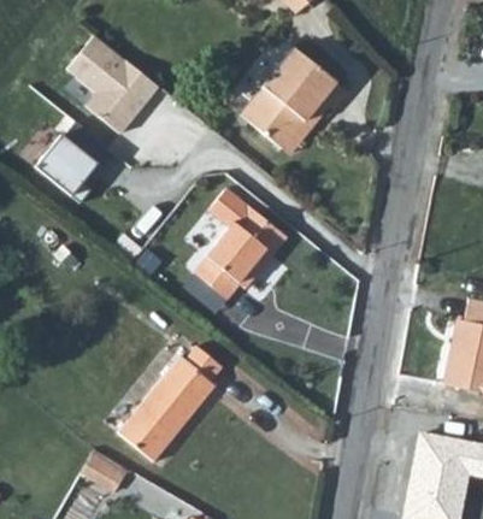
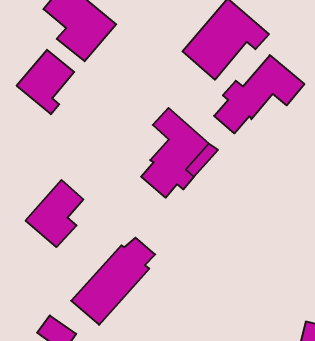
building: none -> [214,55,304,133]
building: none -> [26,180,83,247]

